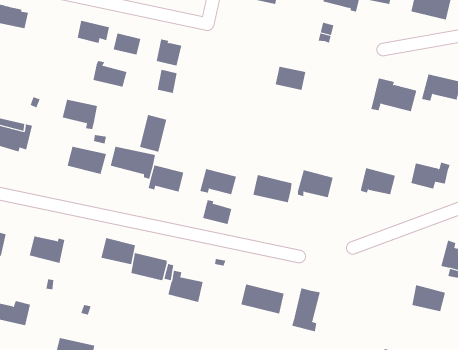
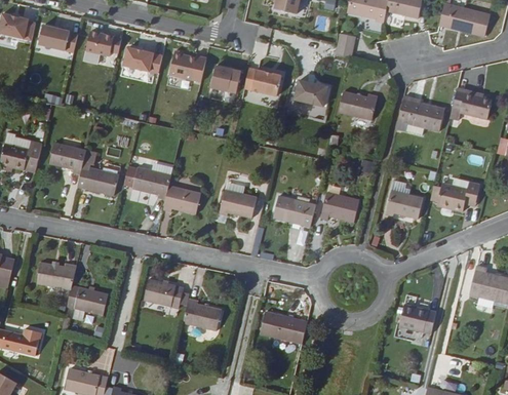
building: none -> [40,28,71,51]
building: none -> [245,68,282,95]
building: [93,60,127,88] -> none
building: [157,69,177,94] -> [216,68,237,93]
building: none -> [339,88,377,117]
building: [62,99,98,129] -> [47,141,85,172]
building: [139,114,167,153] -> none
building: [202,199,232,225] -> none
building: [101,237,136,265] -> [66,282,103,311]
building: [412,285,446,312] -> [399,301,435,329]
building: [292,287,321,332] -> none

